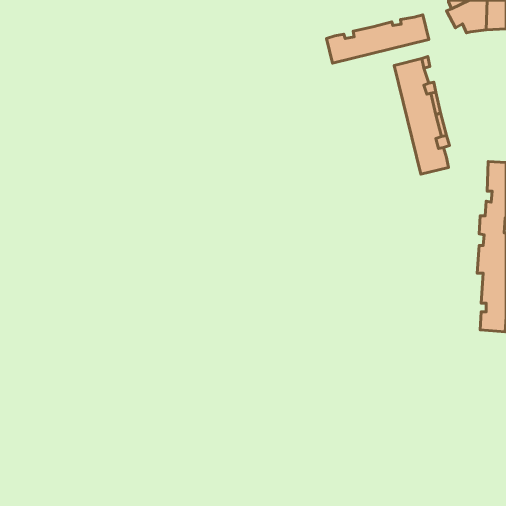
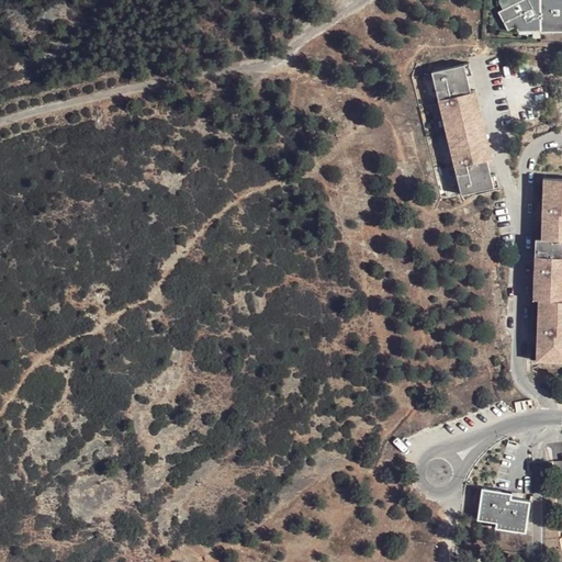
building: [326,15,429,63] -> none
building: none -> [476,486,529,531]

